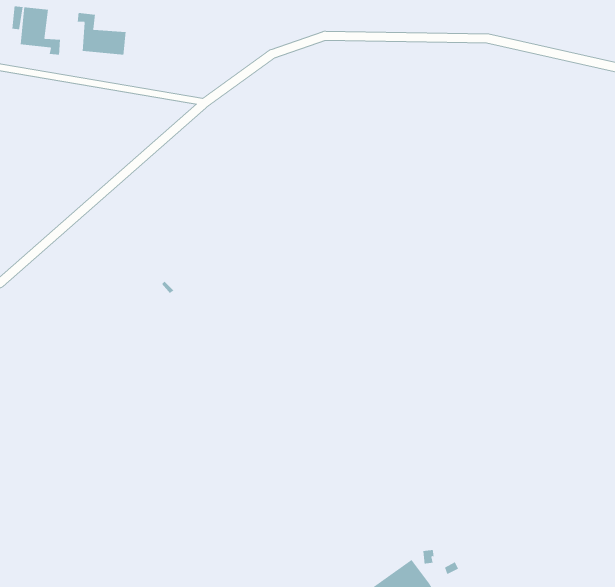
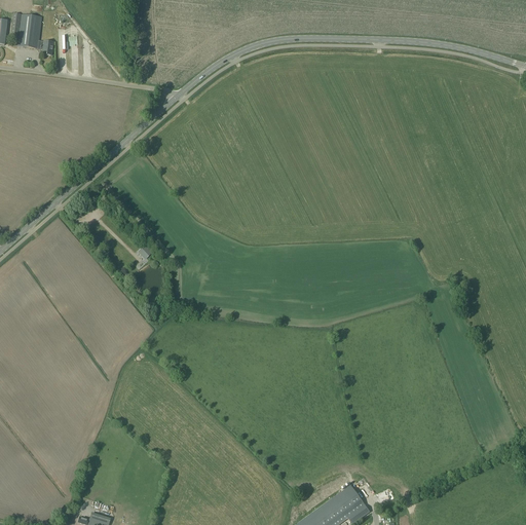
building: [77,12,126,56] -> none

